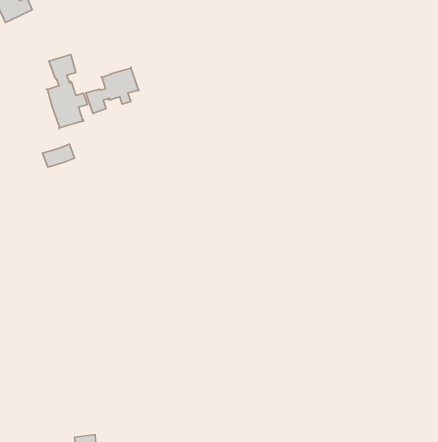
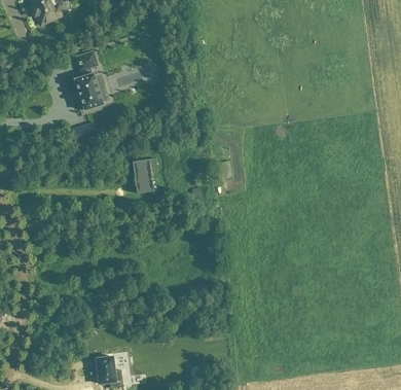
building: [86,67,139,113] -> none
building: none -> [133,158,157,193]

